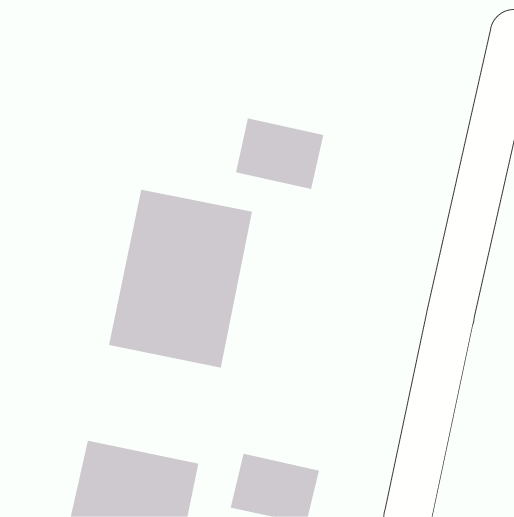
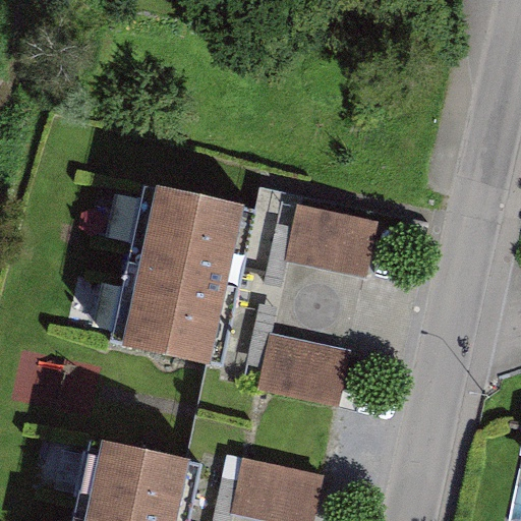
building: [235,118,324,190] -> [286,207,375,279]
building: none -> [258,329,349,402]

